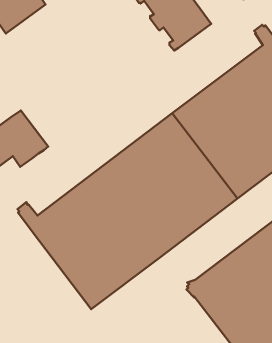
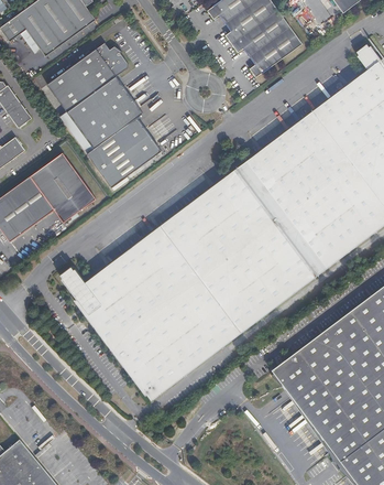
building: none -> [45,43,161,188]

